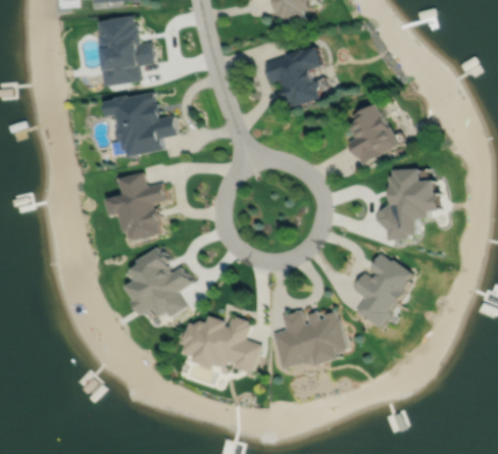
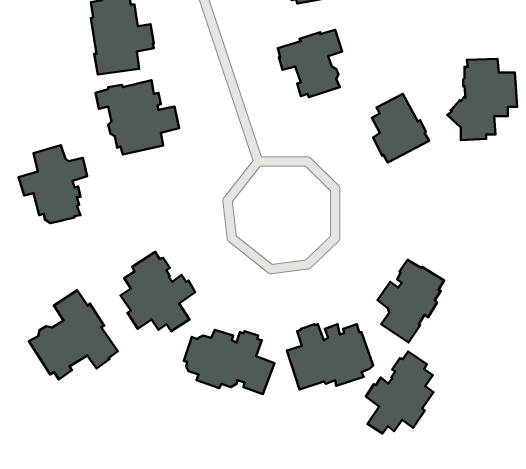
building: [375,169,437,242] -> [447,59,517,140]
building: [104,172,165,242] -> [18,145,87,223]
building: none -> [29,290,118,380]
building: none -> [366,352,434,434]

